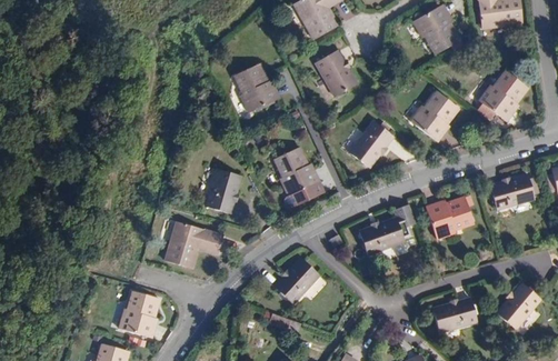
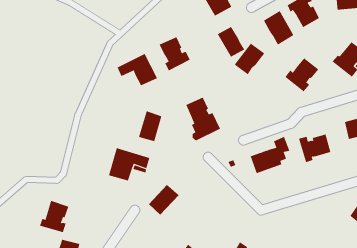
building: none -> [263,10,294,45]
building: none -> [117,53,158,86]
building: [349,123,392,168] -> [234,43,265,75]
building: [273,260,317,303] -> [148,184,180,215]
building: [116,293,157,339] -> [39,200,69,233]
building: [435,299,477,332] -> none

